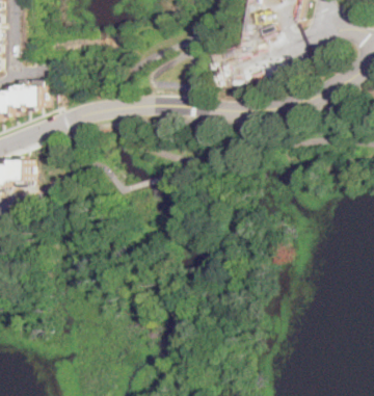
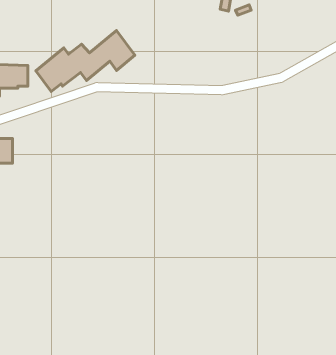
building: none -> [36,30,135,92]

